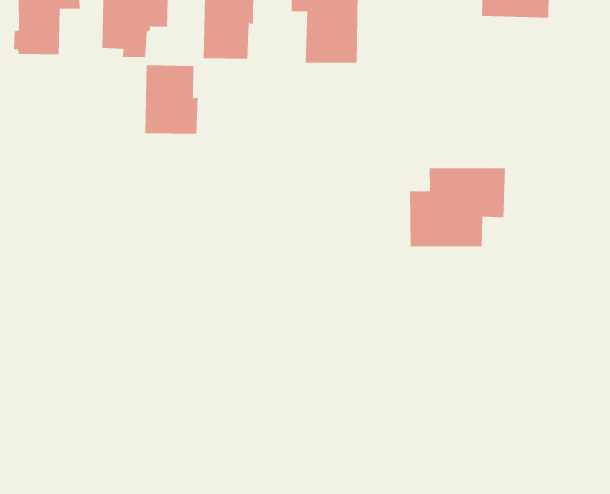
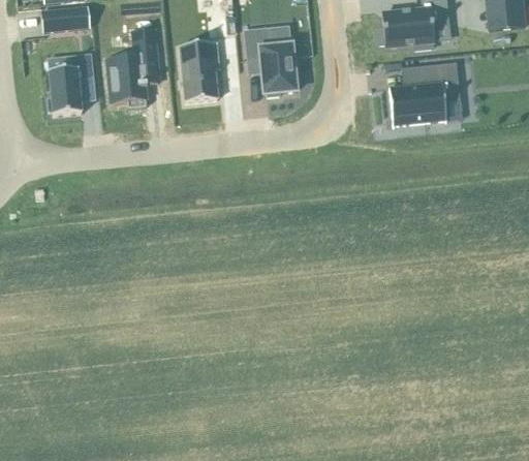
building: [145,65,198,135] -> none
building: [409,168,506,247] -> [388,60,460,125]

